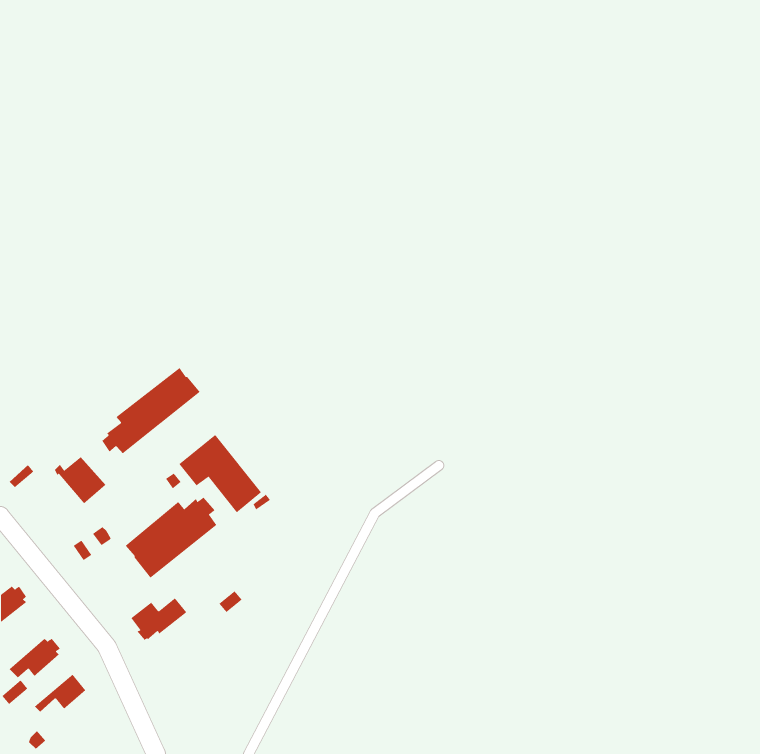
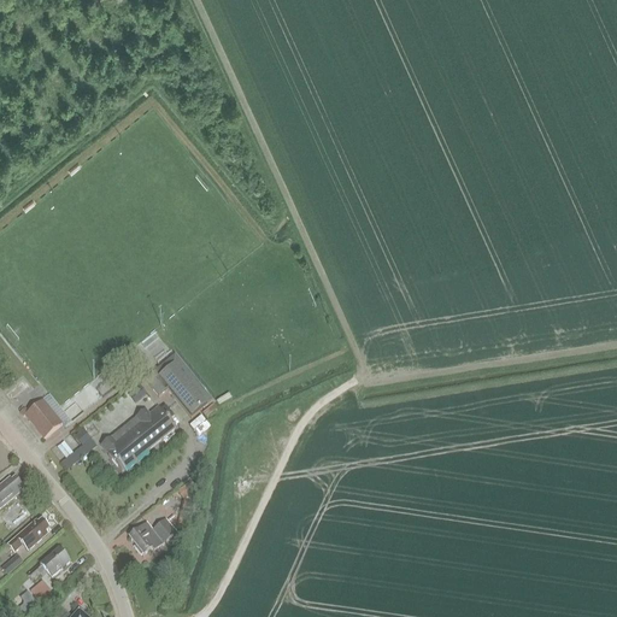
building: [101,367,200,454] -> none
building: [54,457,106,504] -> [20,398,63,436]
building: [131,597,187,640] -> [130,517,176,552]

